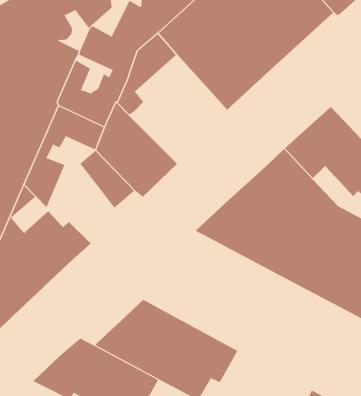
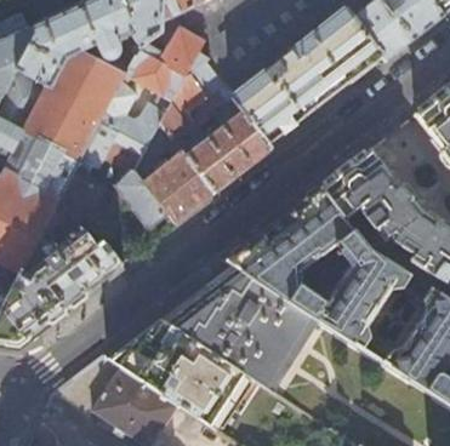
building: none -> [170,104,270,193]
building: none -> [167,269,307,385]

